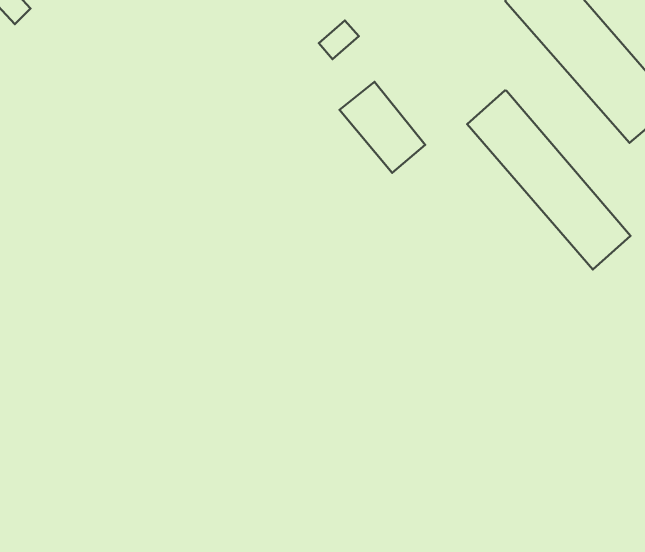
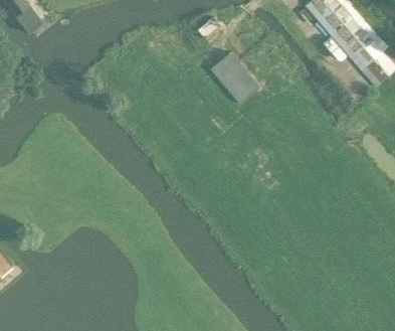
building: [467,91,630,269] -> none

